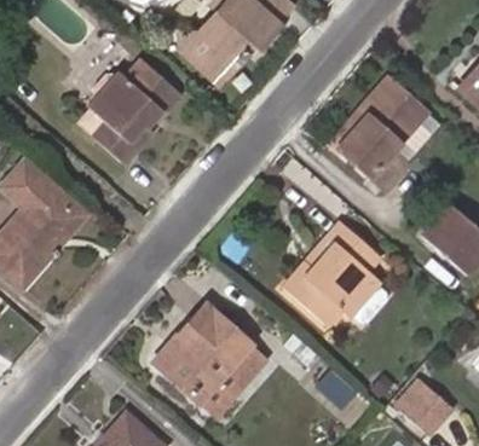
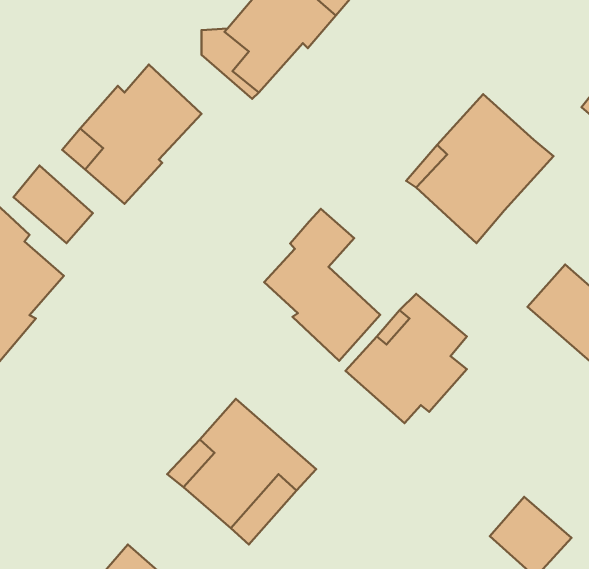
building: none -> [14,166,93,243]
building: none -> [264,209,380,361]

